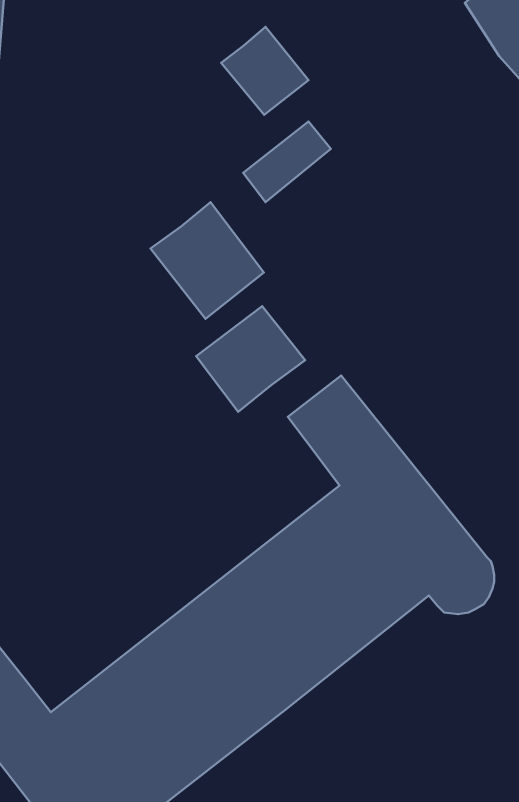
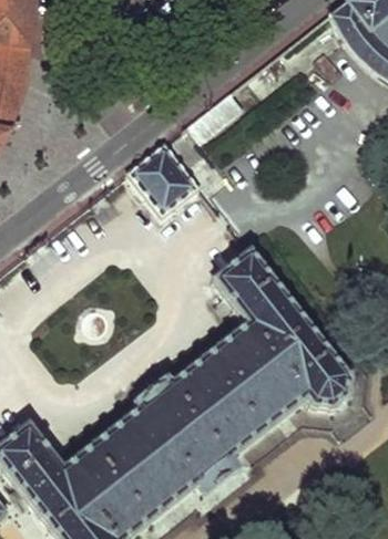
building: [221,27,308,115] -> none
building: [196,306,305,412] -> none

